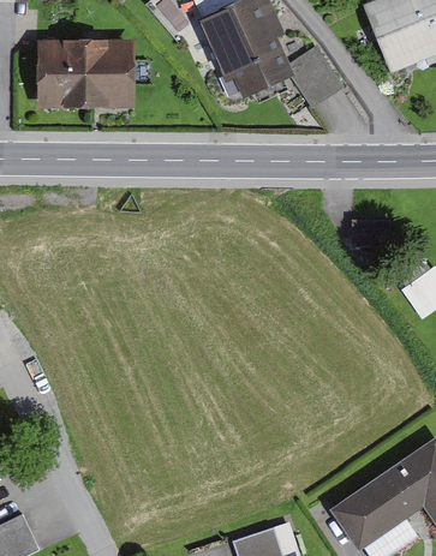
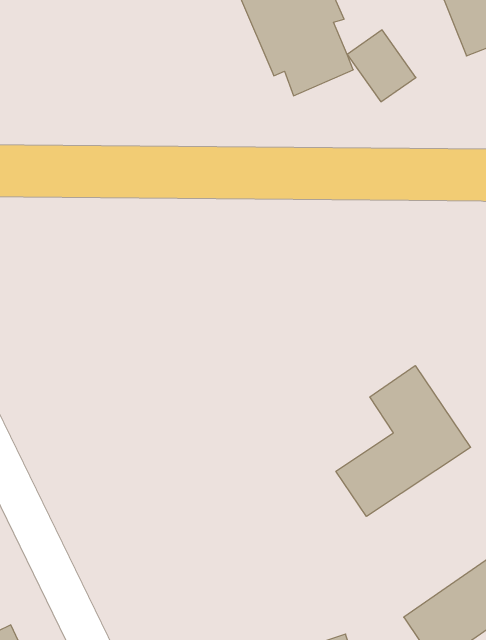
building: [44,46,139,109] -> none
building: none -> [336,366,471,516]

